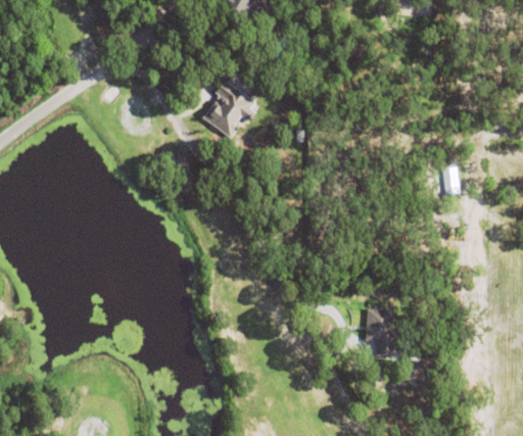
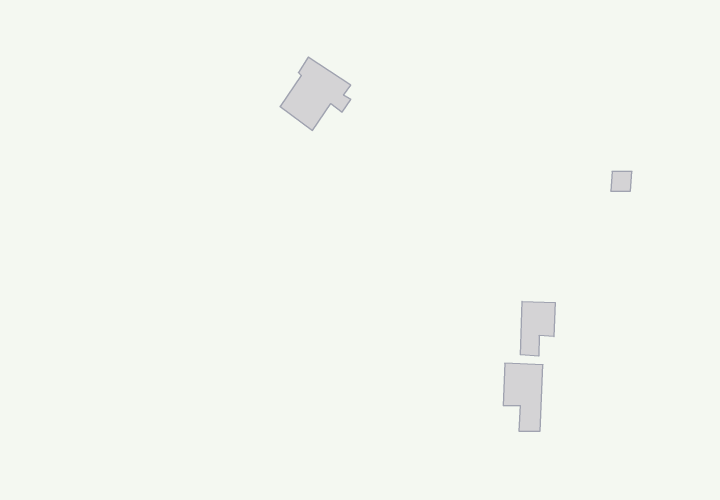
building: none -> [520,301,555,356]

